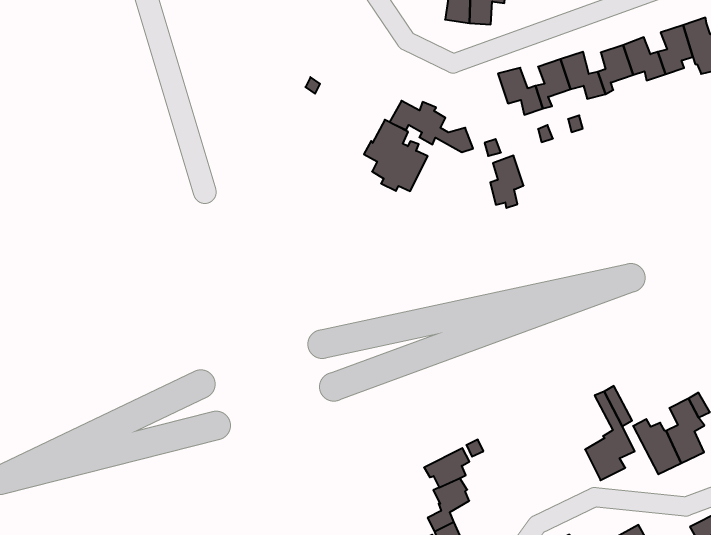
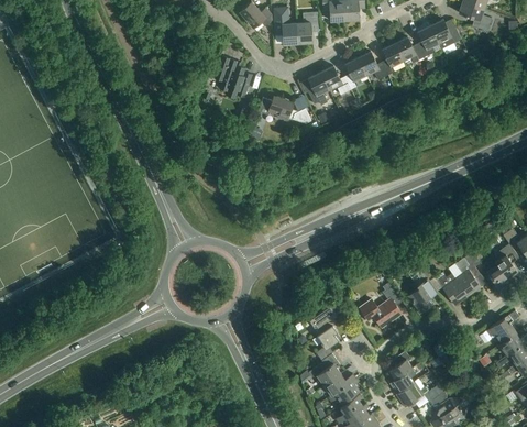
building: [364,120,428,191] -> [212,55,252,98]
building: [490,156,524,208] -> [308,72,329,105]
building: none -> [360,286,403,327]

